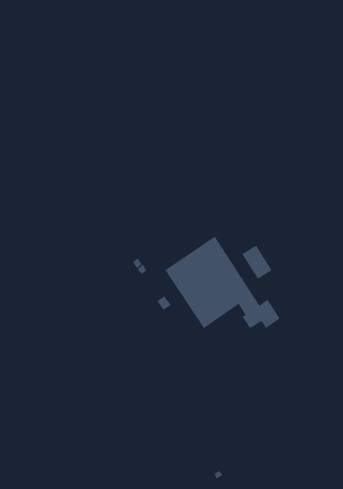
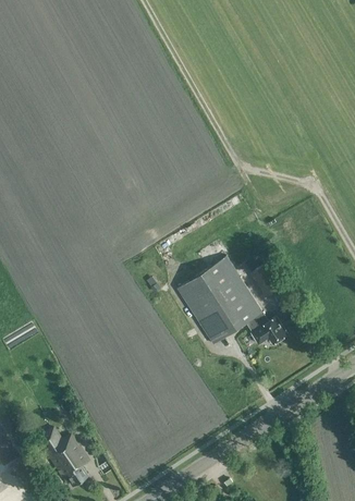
building: none -> [37,427,89,486]

